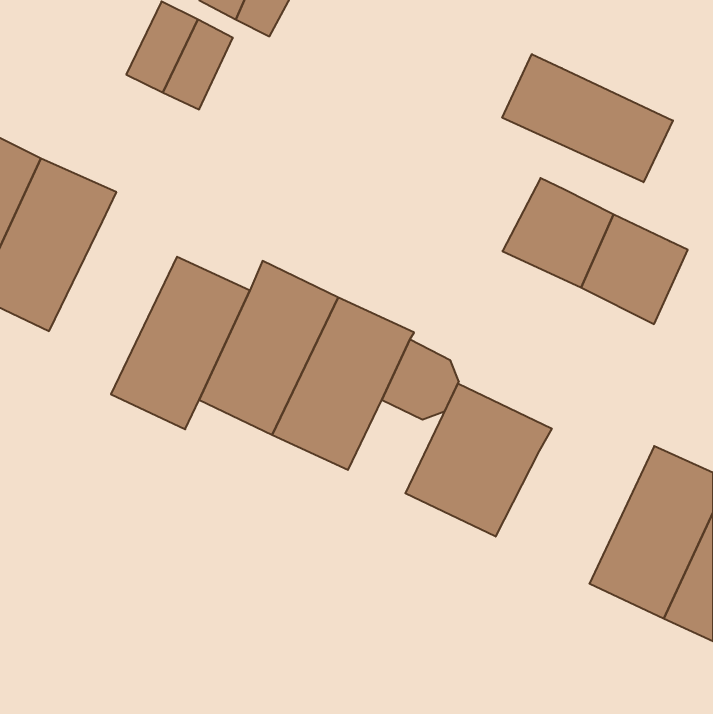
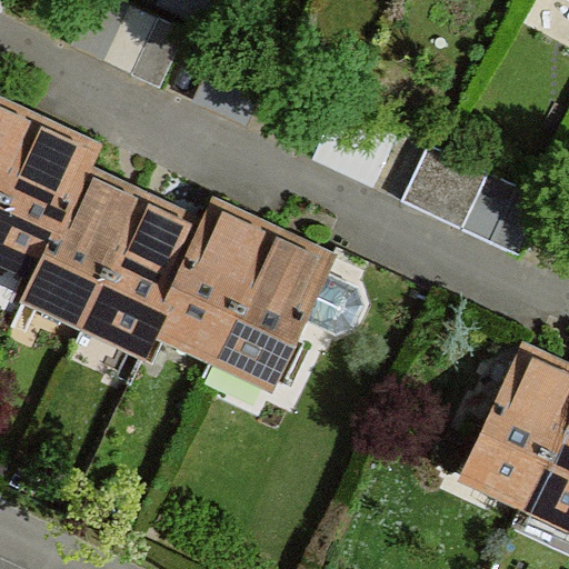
building: [502,54,673,182] -> none
building: none -> [29,176,140,312]
building: [405,384,552,537] -> none

